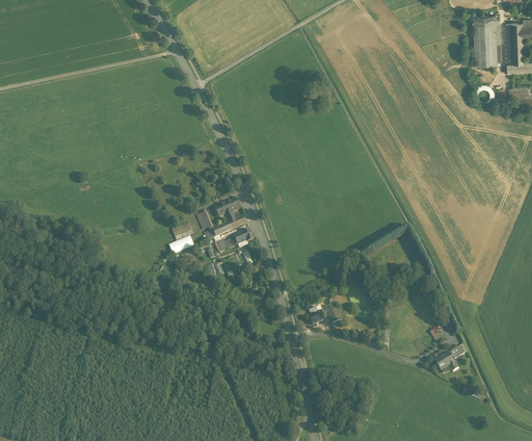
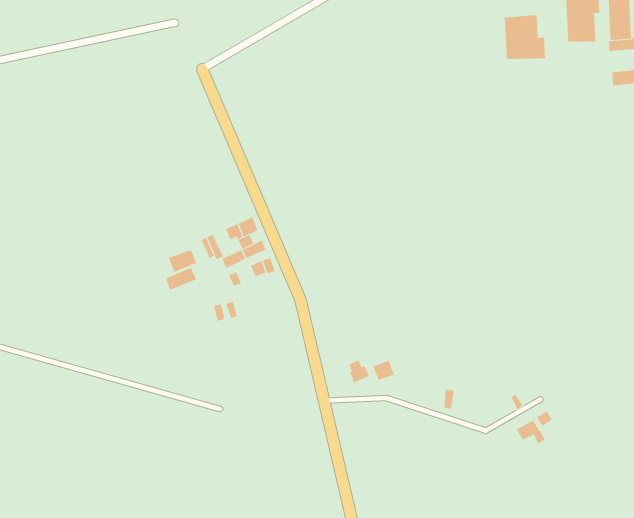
building: none -> [504,14,546,60]

